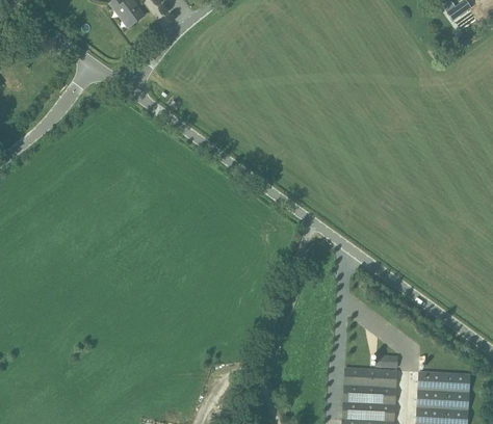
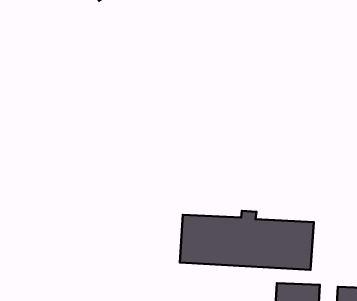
building: none -> [180,211,314,270]

